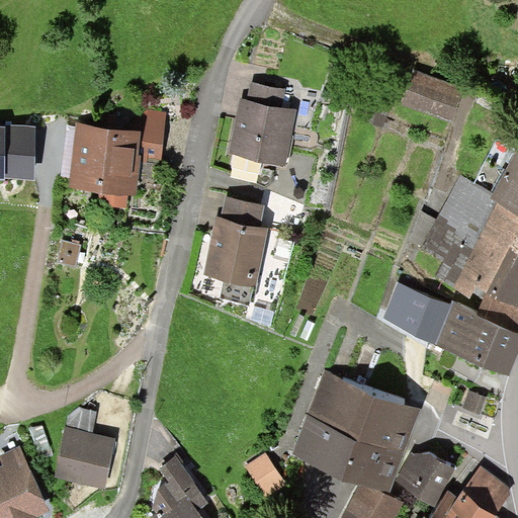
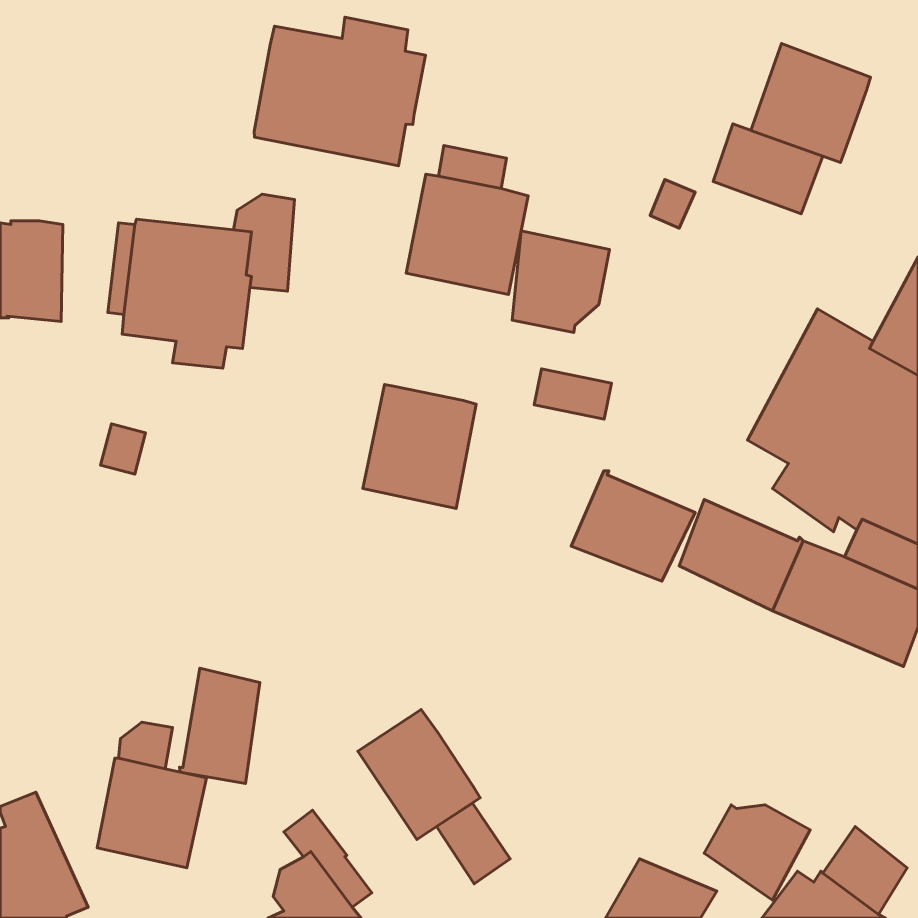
building: none -> [254,17,425,166]
building: none -> [751,44,870,163]
building: none -> [512,231,609,333]
building: [222,197,265,226] -> [534,369,611,419]
building: none -> [571,471,695,581]
building: [293,372,422,492] -> none
building: none -> [179,668,260,784]
building: none -> [358,710,480,839]

